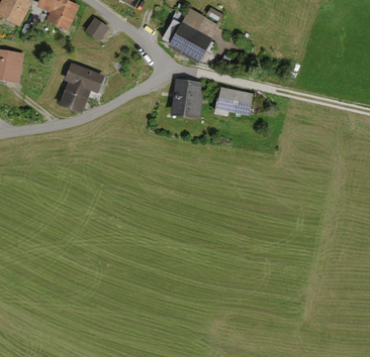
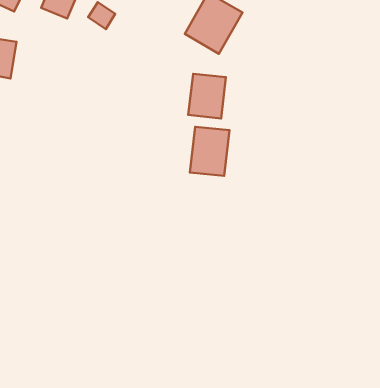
building: [58,63,104,113] -> none
building: [215,88,250,114] -> none
building: none -> [190,127,229,176]

